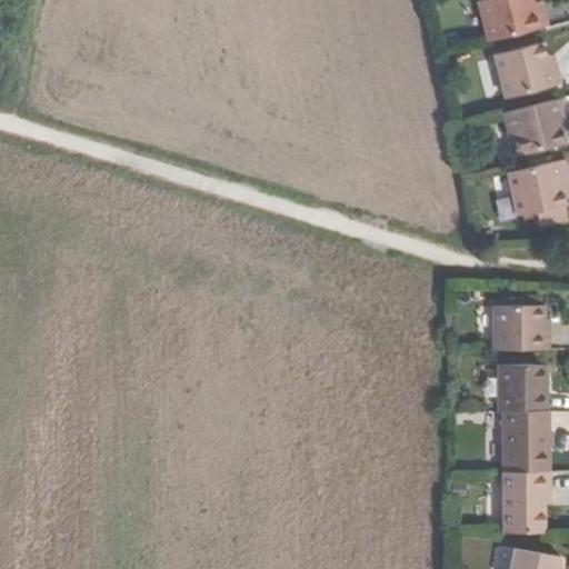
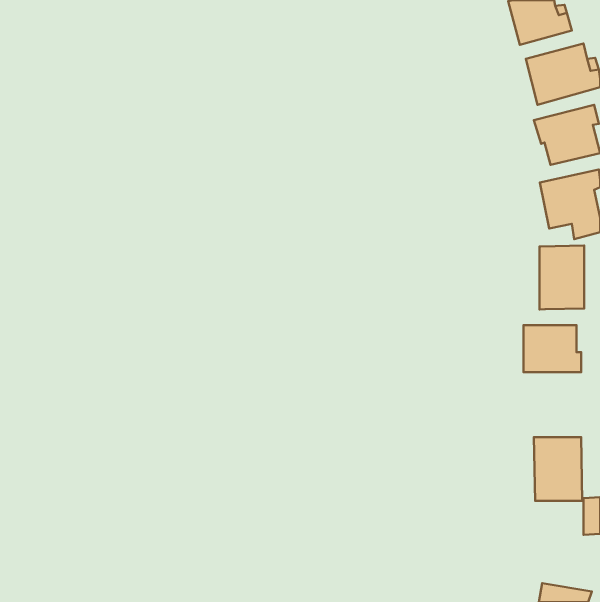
building: none -> [539,246,584,309]
building: [498,366,547,412] -> none
building: [502,472,543,533] -> none

